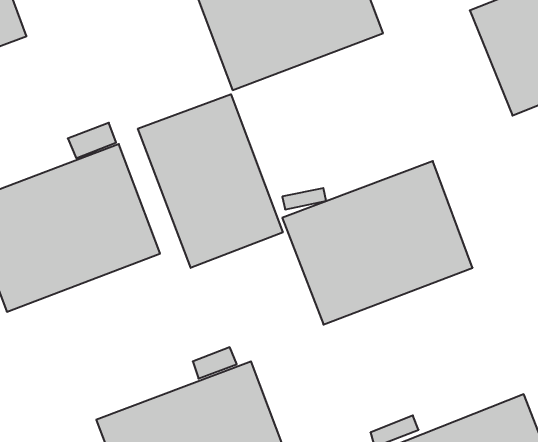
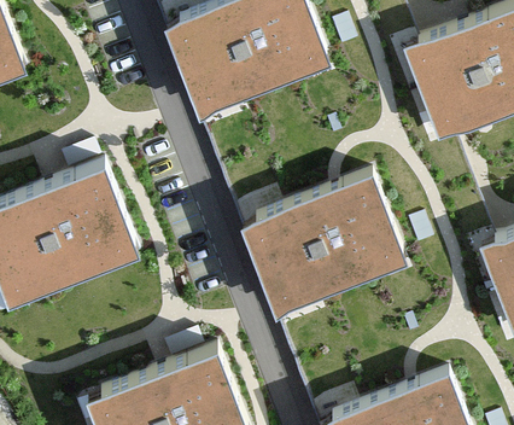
building: [138,94,283,268] -> none

